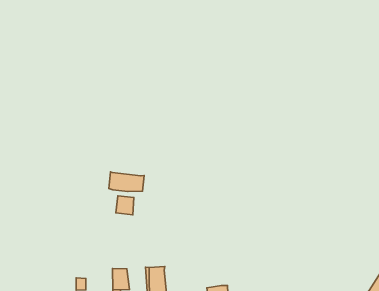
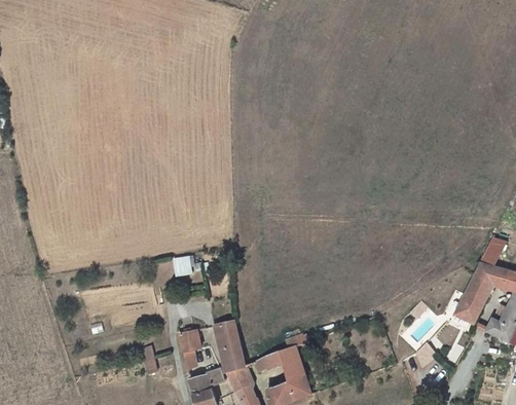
building: [109,172,144,191] -> none

